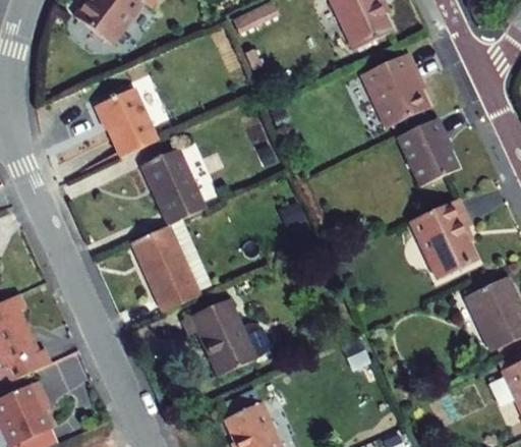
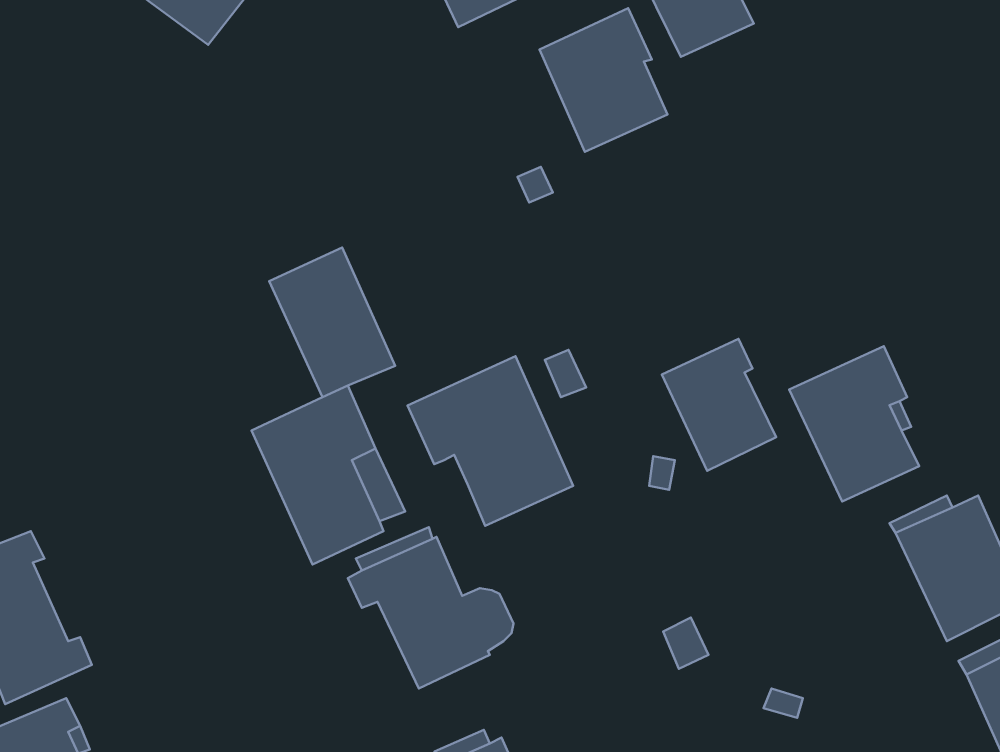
building: [362,52,428,126] -> [539,8,667,152]
building: [97,88,158,158] -> none
building: [398,118,457,186] -> [662,339,776,471]
building: none -> [407,356,573,526]

